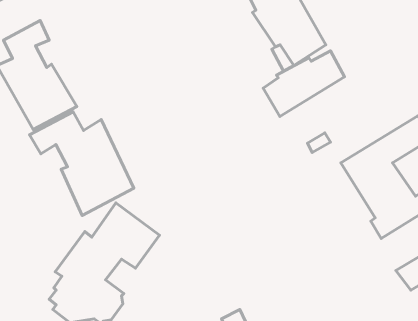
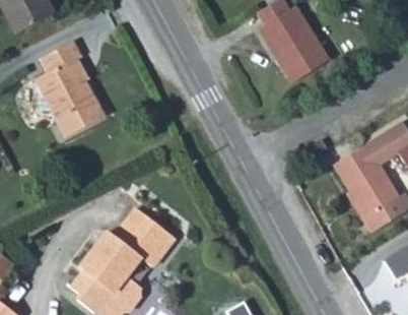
building: [263,51,344,116] -> none
building: [29,112,134,215] -> none

